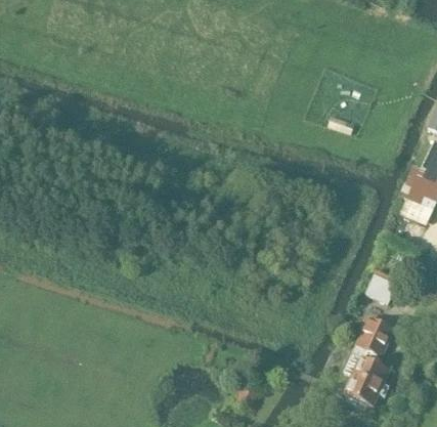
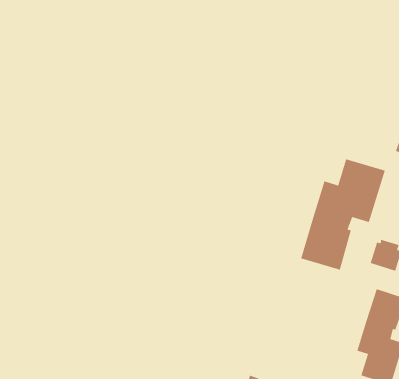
building: none -> [301,158,386,270]

